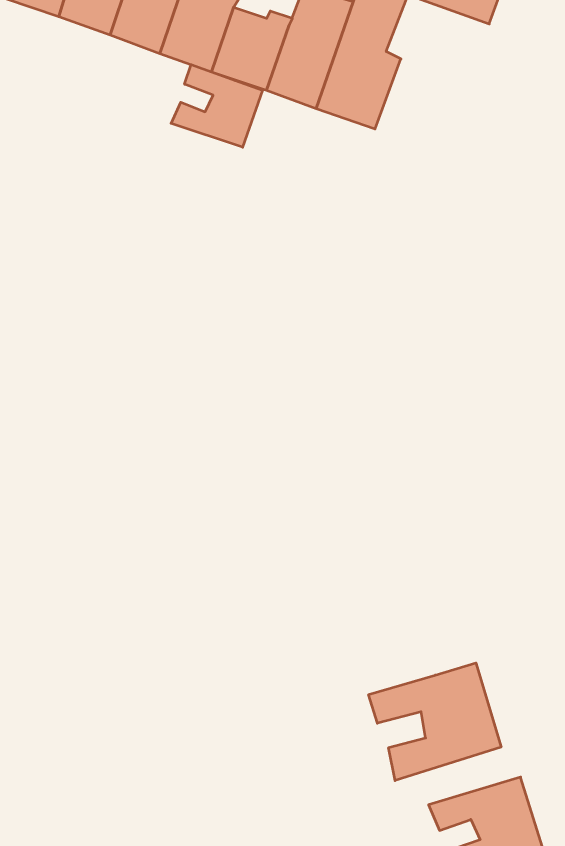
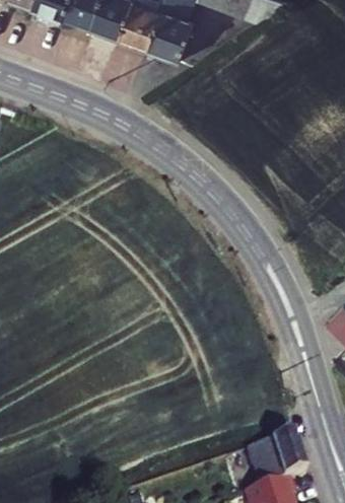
building: [171,65,263,147] -> none
building: [369,663,501,781] -> none

